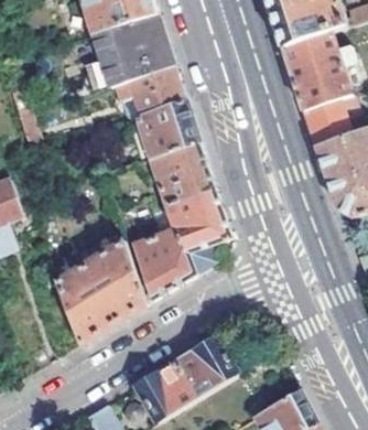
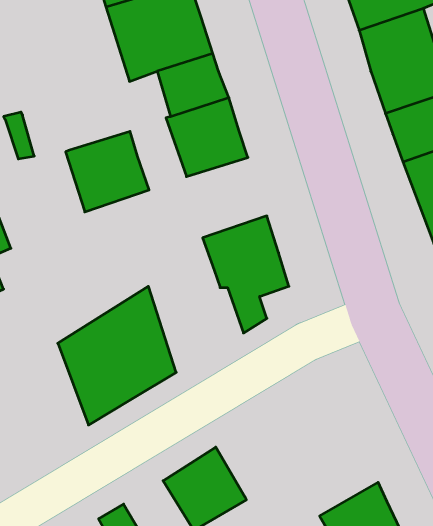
building: [151,141,214,202] -> [66,131,149,212]
building: [132,226,196,300] -> none
building: [175,336,237,397] -> none

